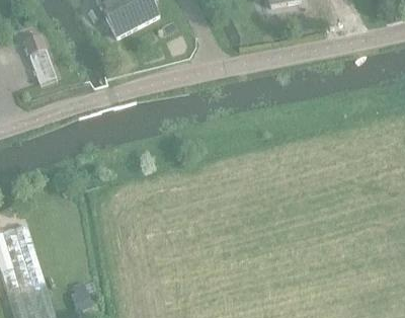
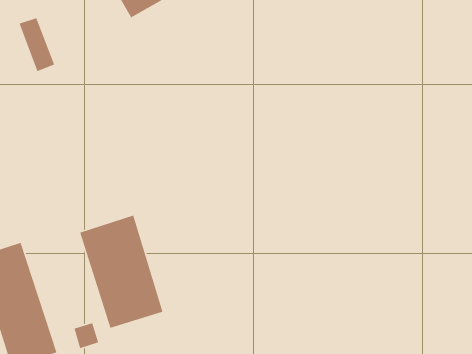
building: none -> [79,215,163,329]

